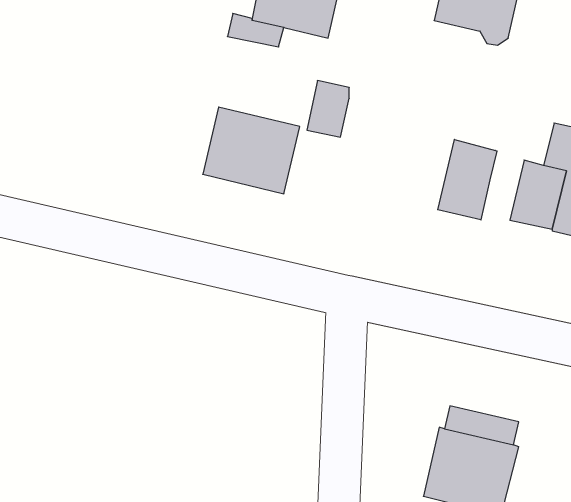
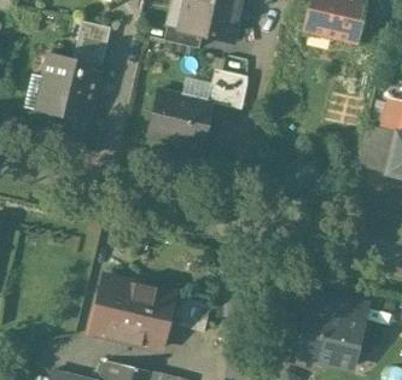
building: none -> [76,21,111,54]
building: none -> [35,53,103,121]
building: [438,139,497,220] -> none
building: none -> [92,277,174,347]

